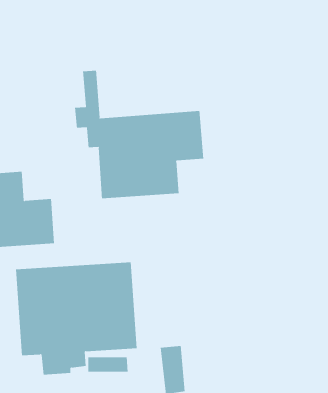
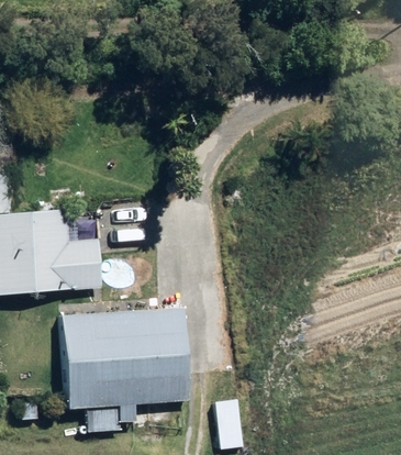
building: [74,70,204,199] -> none

